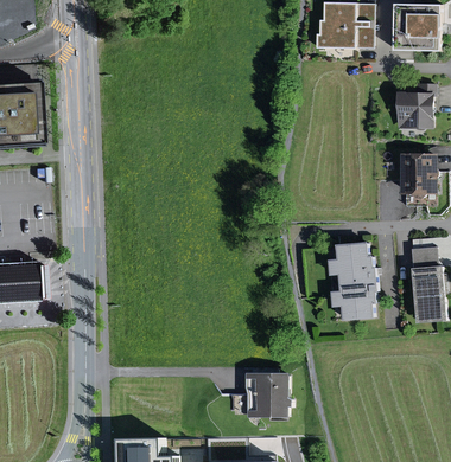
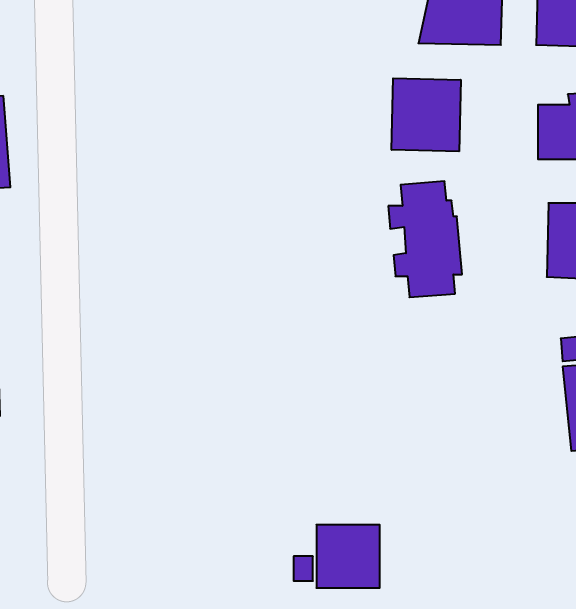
building: none -> [392,78,461,151]
building: [330,242,380,320] -> [388,181,462,297]

